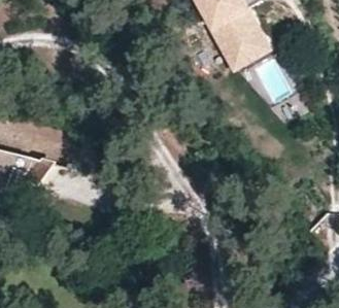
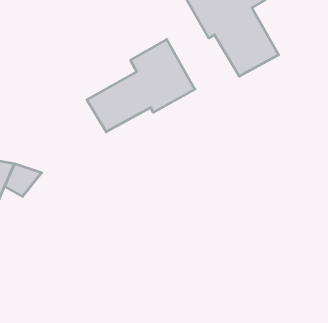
building: none -> [87,39,195,132]

